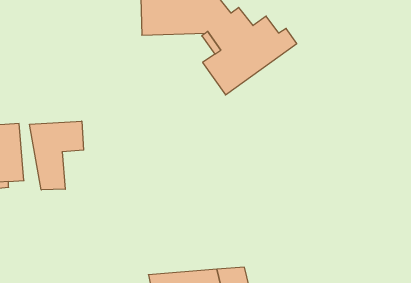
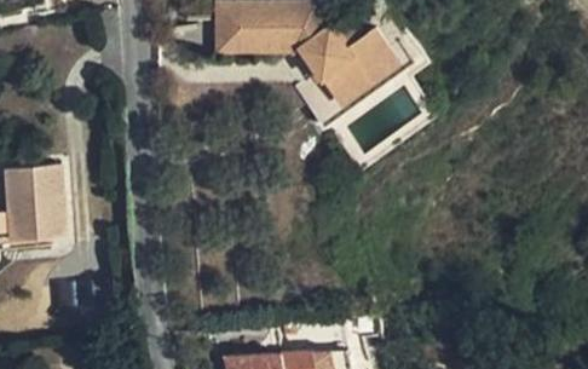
building: [30,121,84,190] -> none

